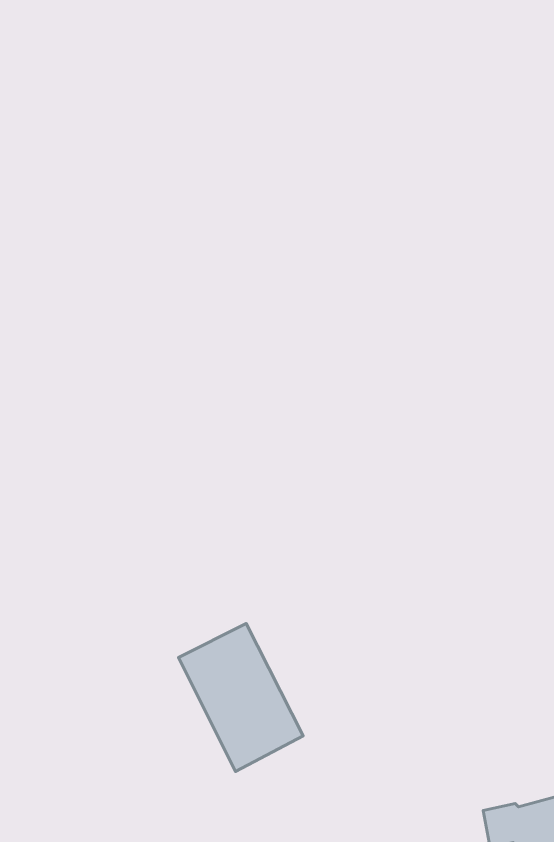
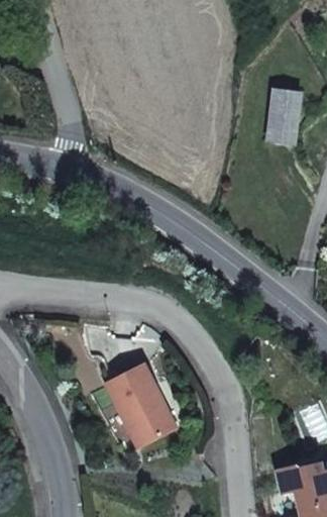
building: none -> [267,88,300,142]

